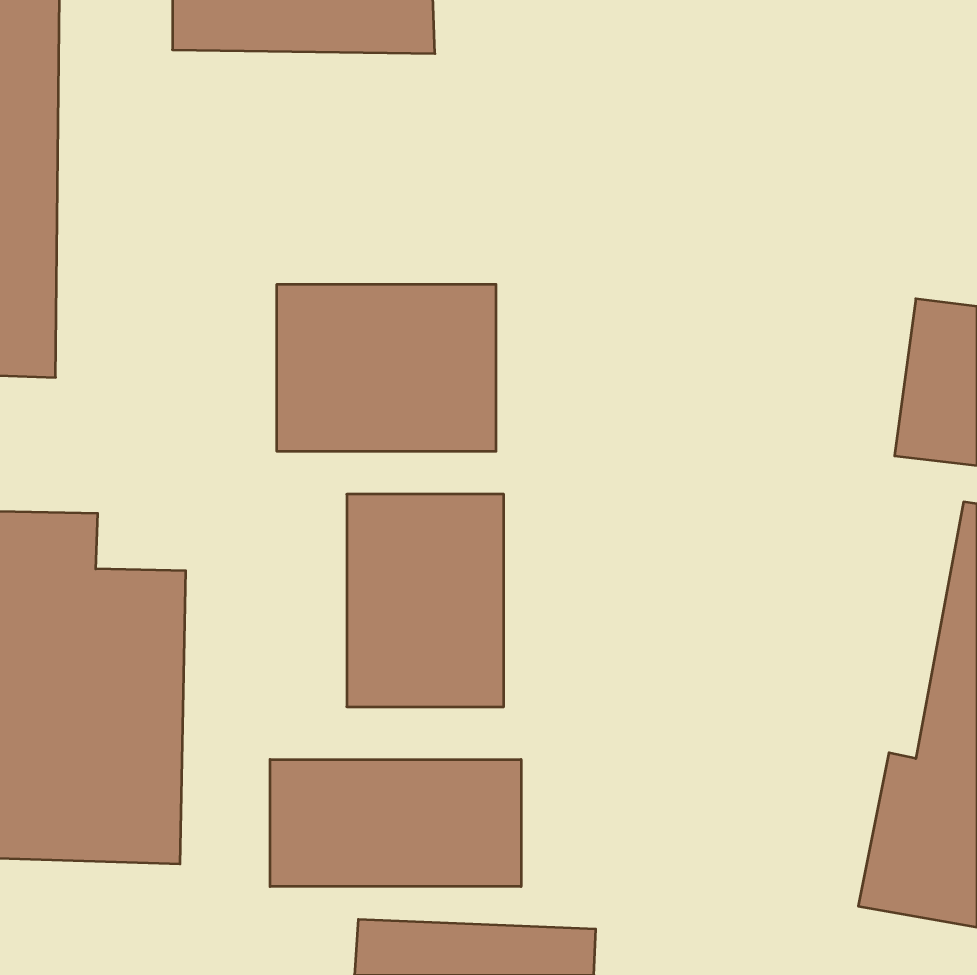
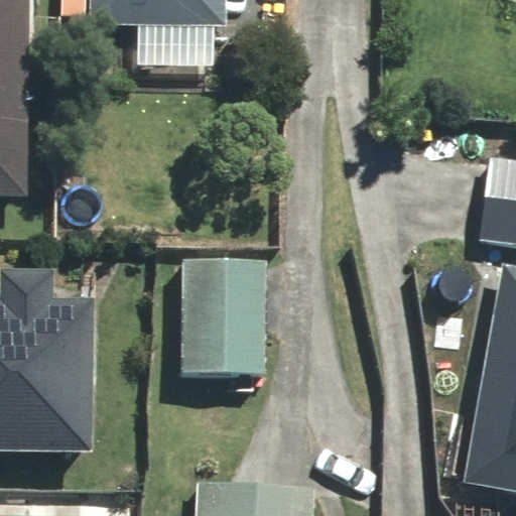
building: [277,284,496,451] -> none
building: [270,759,521,887] -> none

